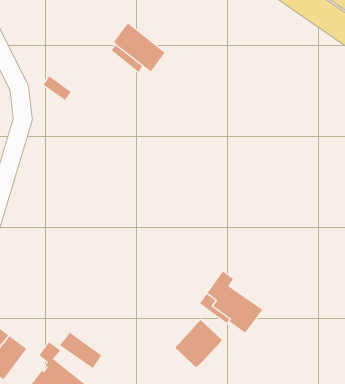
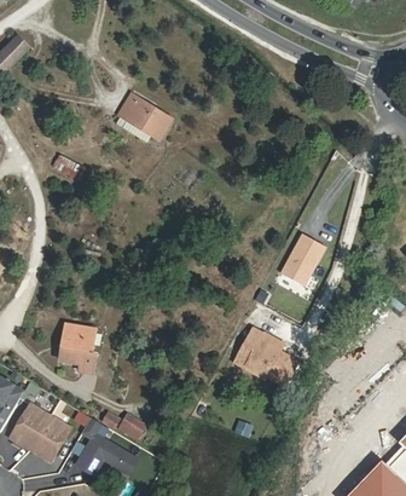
building: none -> [279,232,325,283]
building: none -> [58,324,95,374]
building: [175,319,222,368] -> none

